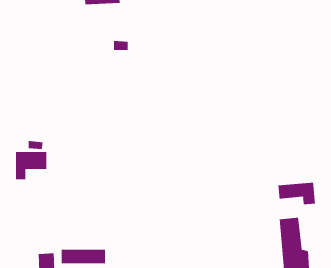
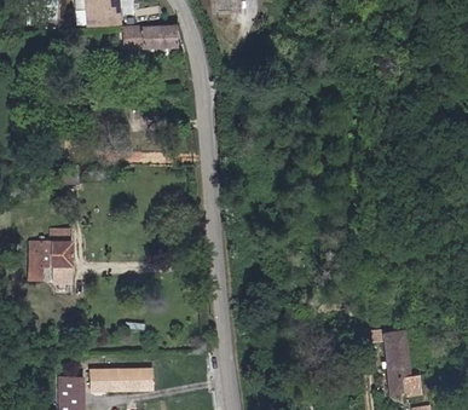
building: [278,182,316,205] -> none

